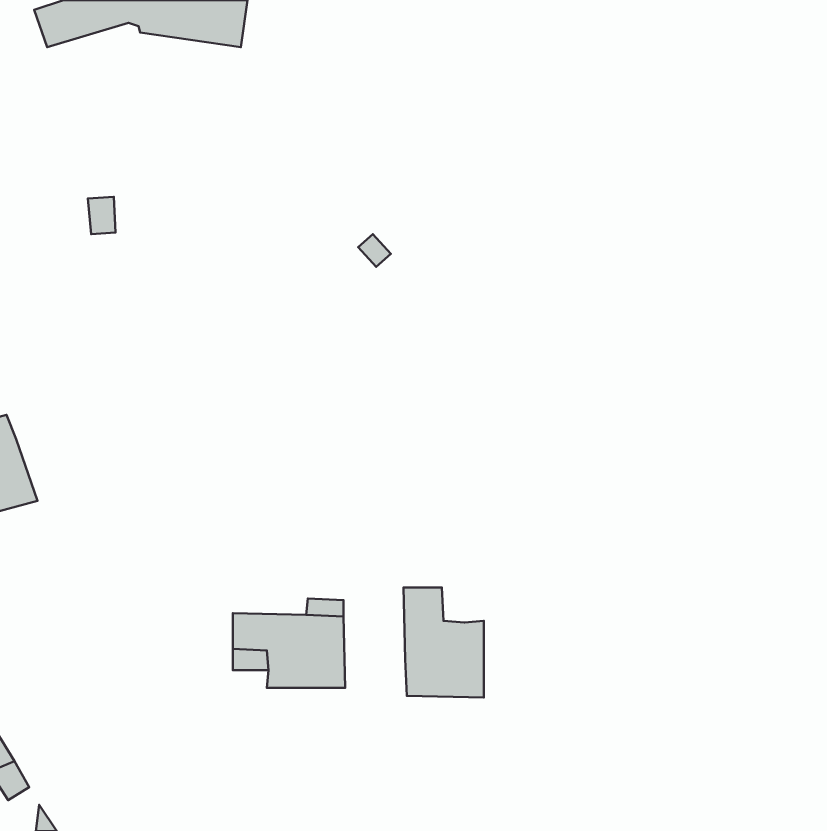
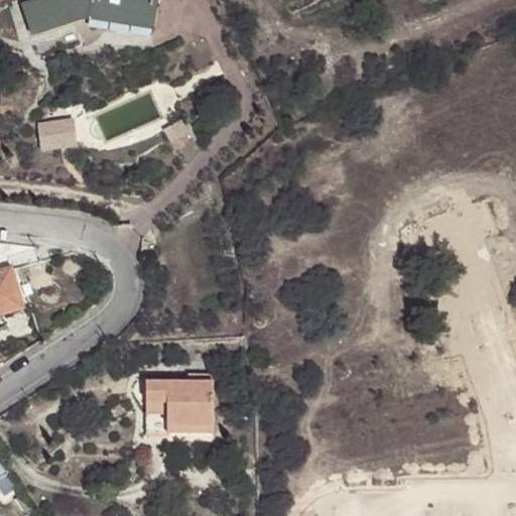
building: [403,588,484,697] -> none

